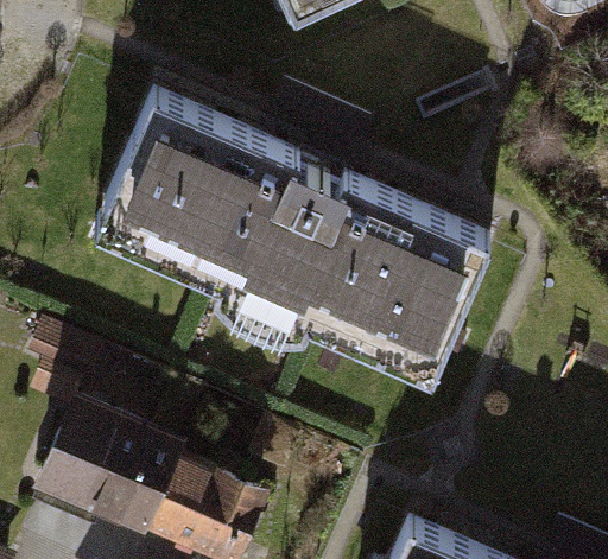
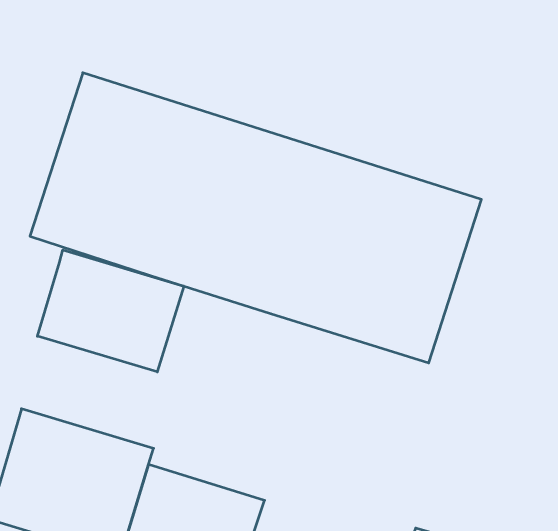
building: none -> [37,250,184,372]

